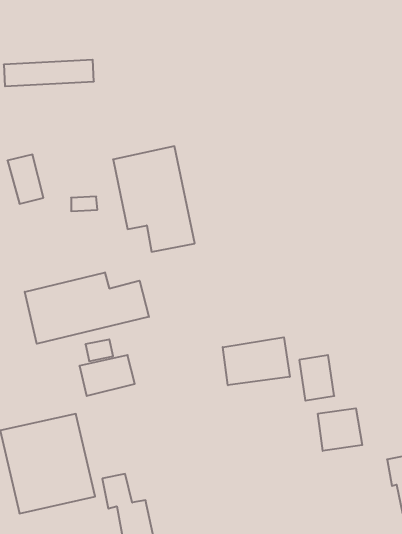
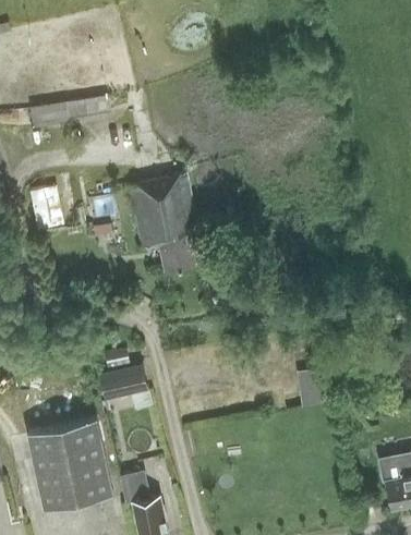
building: [25,272,149,344] -> none
building: [223,337,290,385] -> none
building: [318,408,362,451] -> none

